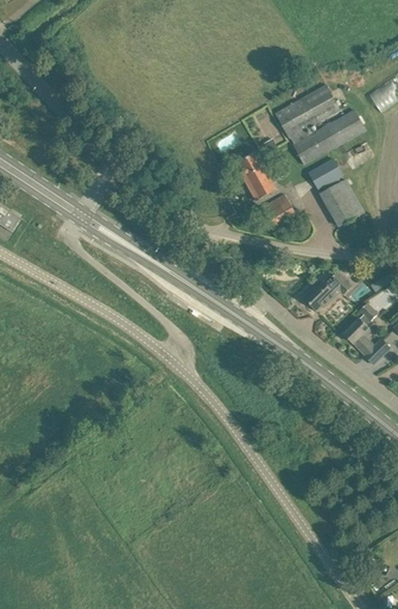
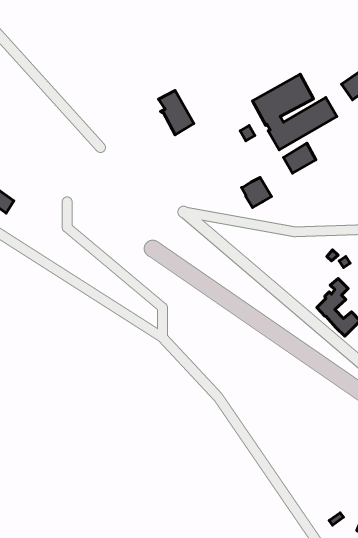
building: [239,153,277,201] -> [158,90,194,135]
building: [321,180,365,227] -> none
building: [303,272,352,312] -> none

